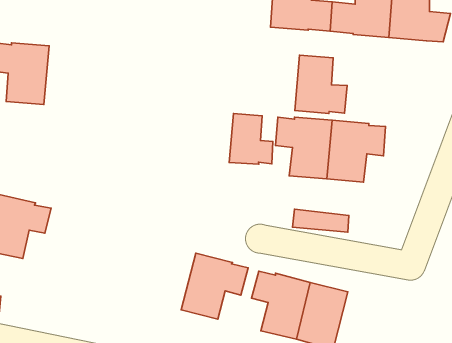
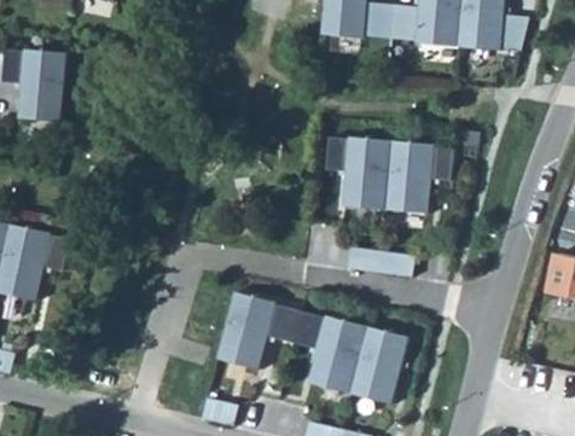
building: [295,55,347,113] -> none
building: [229,113,273,164] -> none

